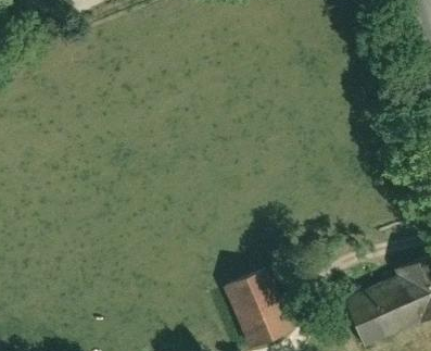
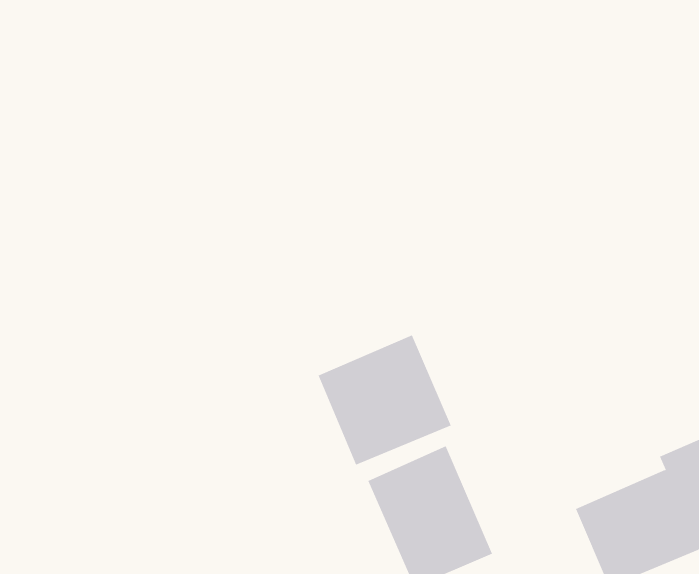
building: none -> [318,334,452,466]

